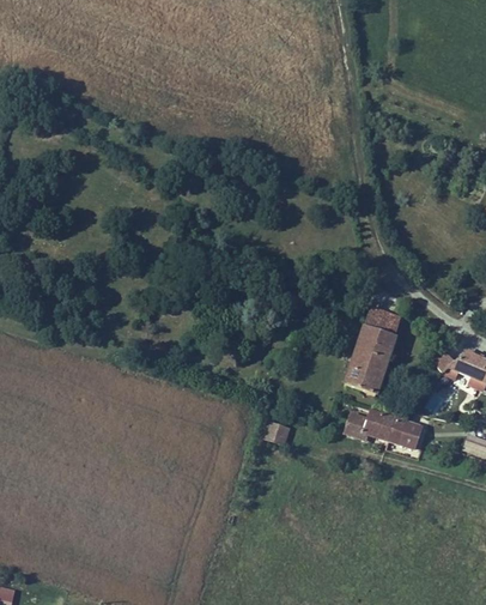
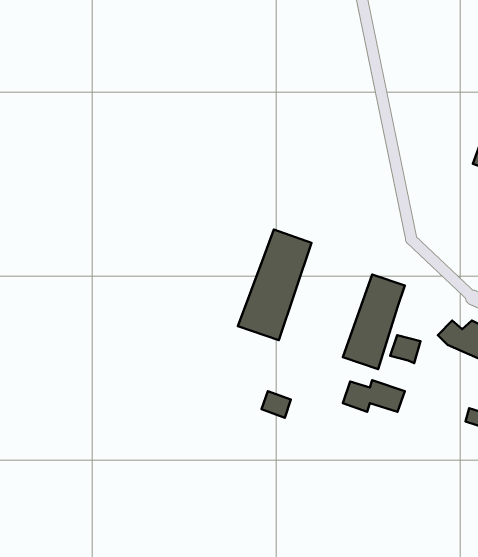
building: none -> [238,229,312,340]
building: [395,421,425,448] -> [390,335,420,363]

